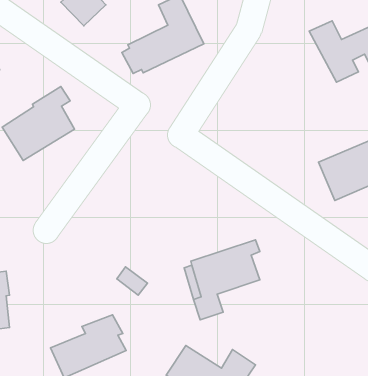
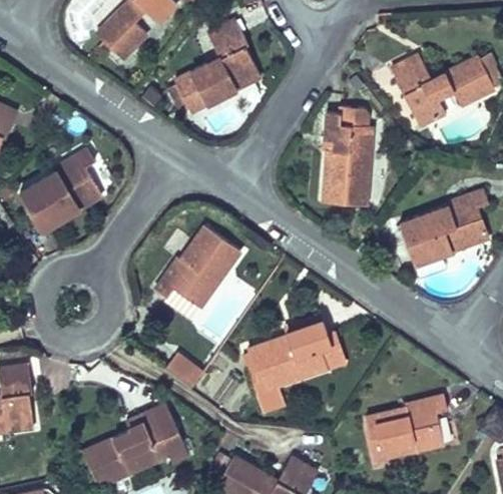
building: none -> [318,117,370,215]
building: none -> [151,214,240,314]
building: none -> [368,393,452,456]

